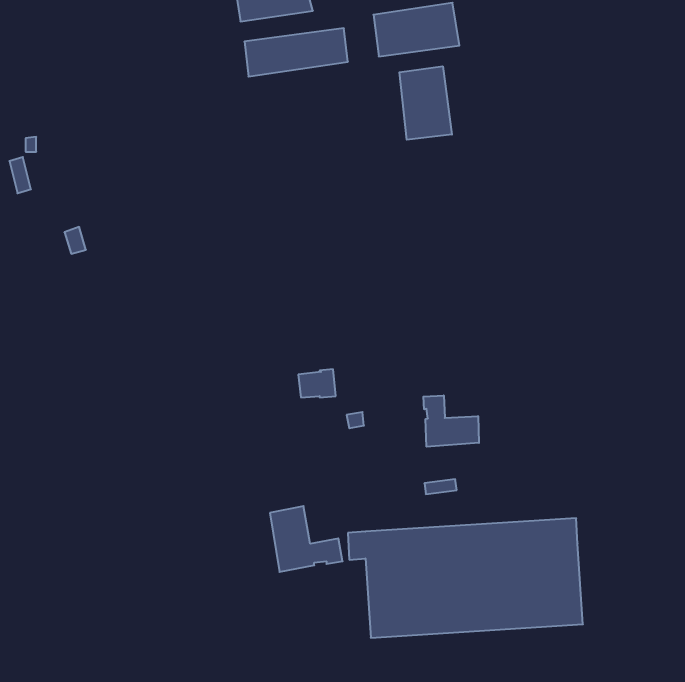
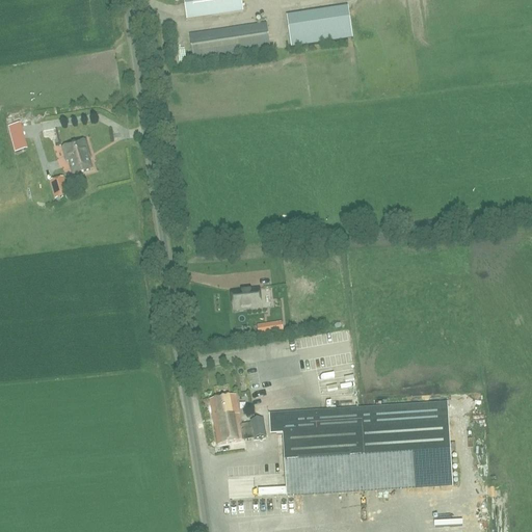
building: [399,66,452,140] -> none
building: none -> [60,137,89,171]
building: [423,395,479,447] -> none

